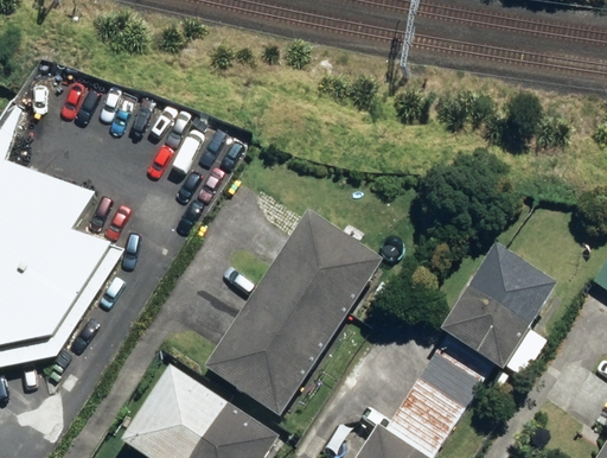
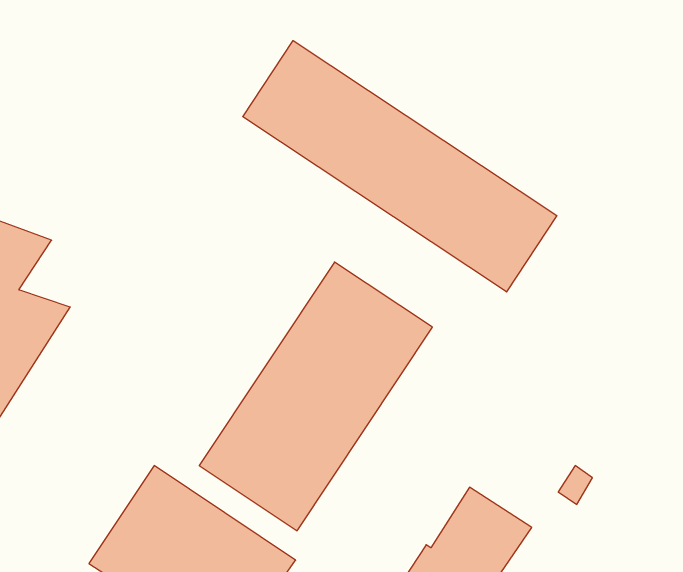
building: none -> [243,41,557,292]
building: [413,241,562,408] -> none

